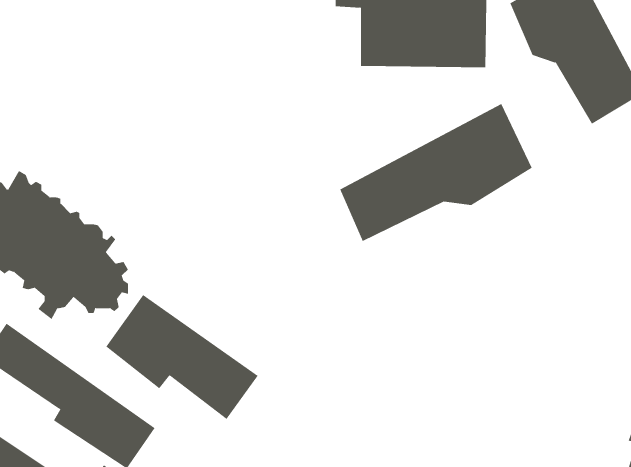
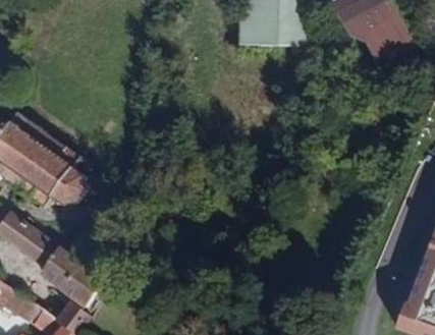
building: [340,103,532,242] -> none
building: [106,294,258,420] -> none

